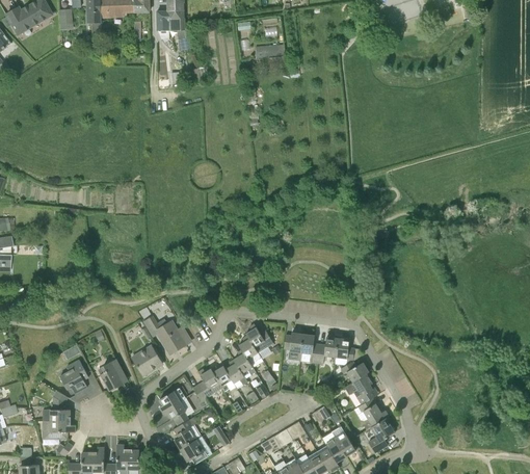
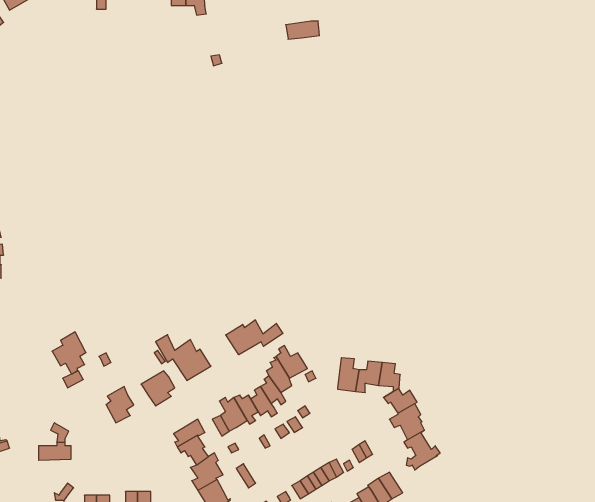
building: none -> [226,320,283,355]
building: [283,332,302,360] -> none
building: [58,359,87,395] -> [52,332,86,374]
building: [368,418,394,452] -> none
building: [42,421,70,439] -> none

